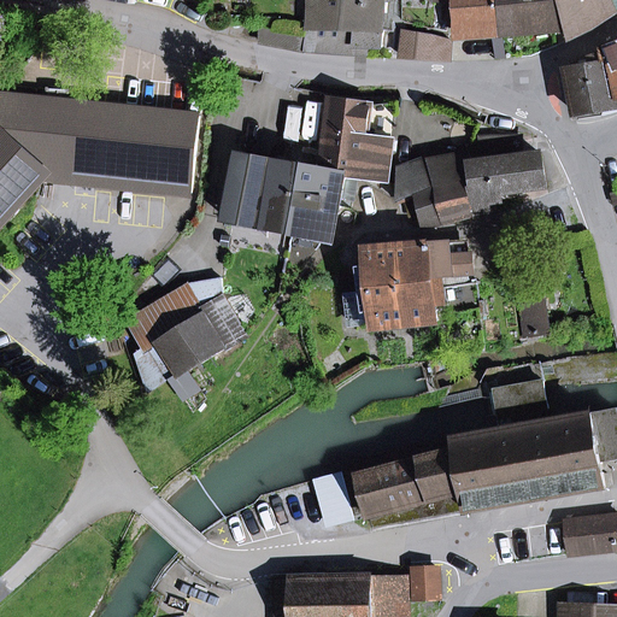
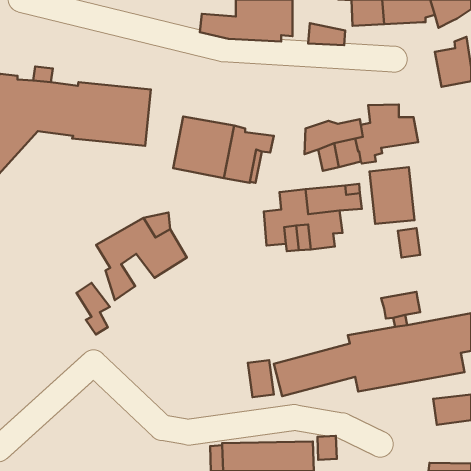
building: [319,98,392,181] -> none
building: none -> [369,167,414,224]
building: [158,331,201,399] -> [77,283,110,334]

